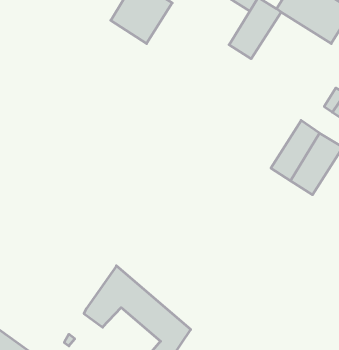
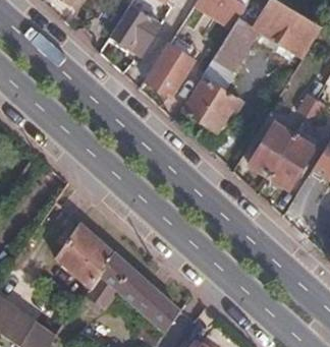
building: none -> [144,44,192,96]
building: none -> [184,78,242,131]
building: none -> [50,219,114,288]

